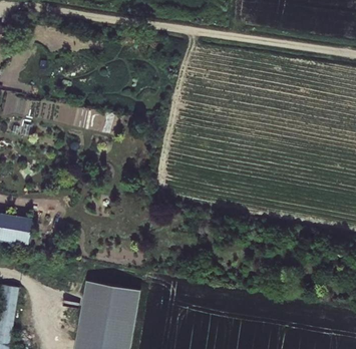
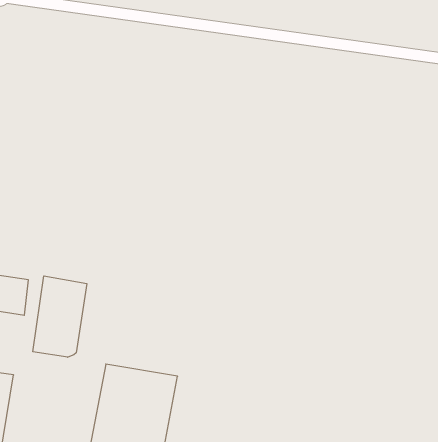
building: none -> [33,276,87,357]

